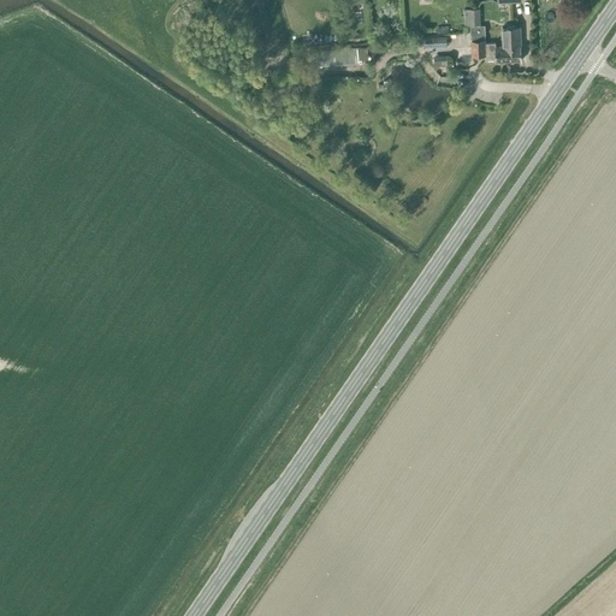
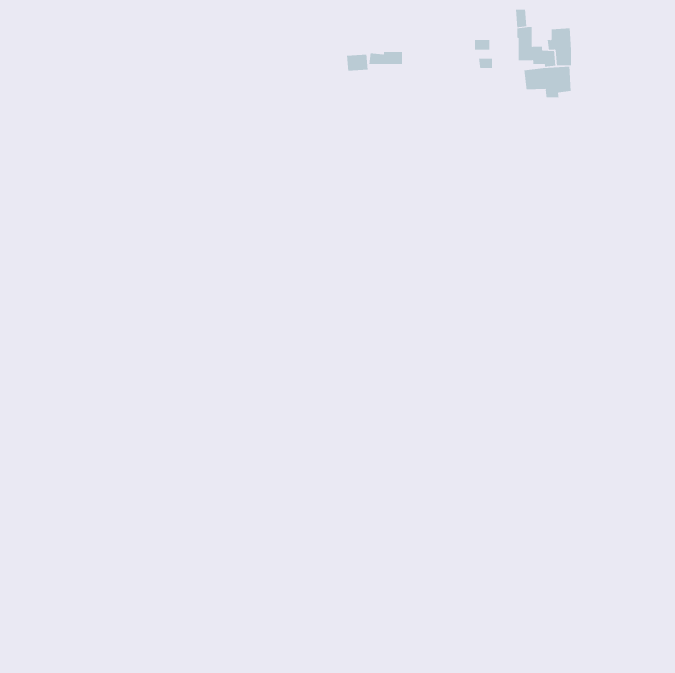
building: none -> [524,66,571,98]

